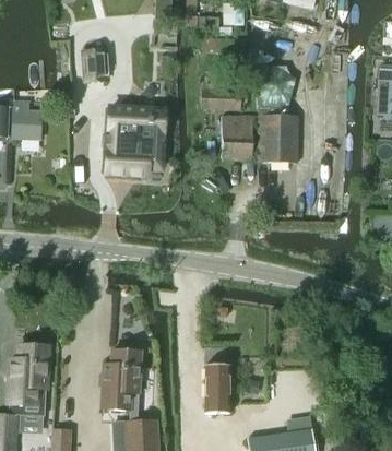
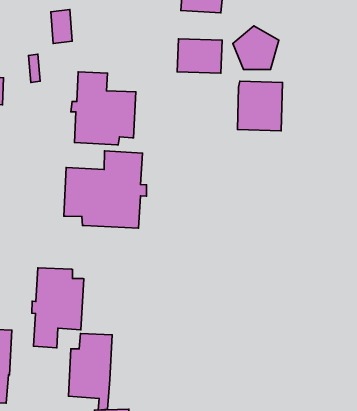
building: [222,115,260,158] -> none
building: none -> [64,151,147,228]
building: none -> [32,268,84,348]
building: [206,365,230,413] -> none

